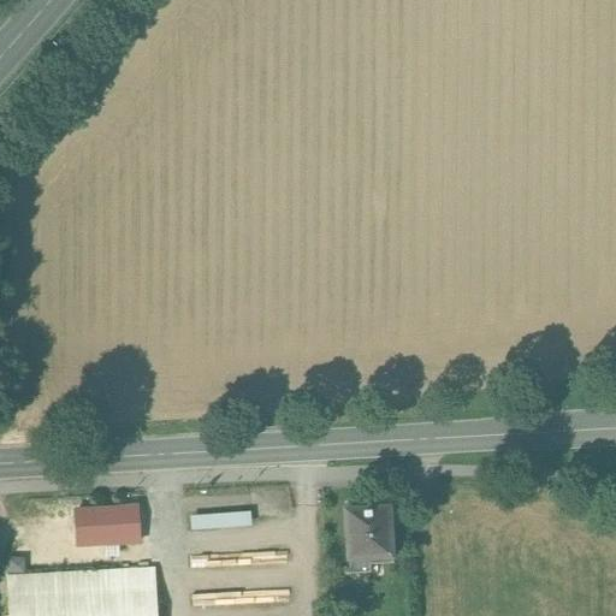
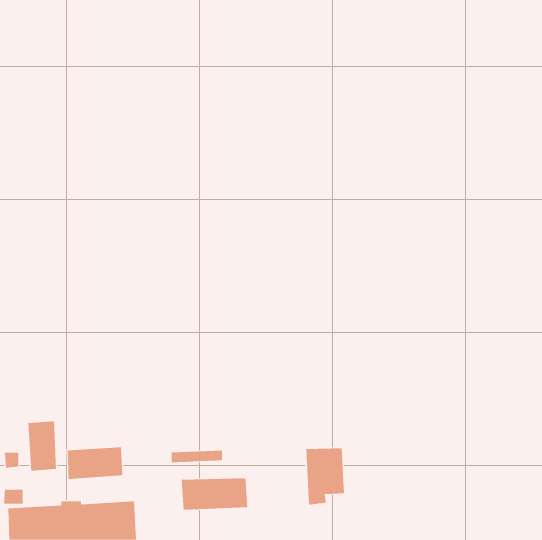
building: none -> [28,421,56,471]
building: none -> [181,478,248,511]

